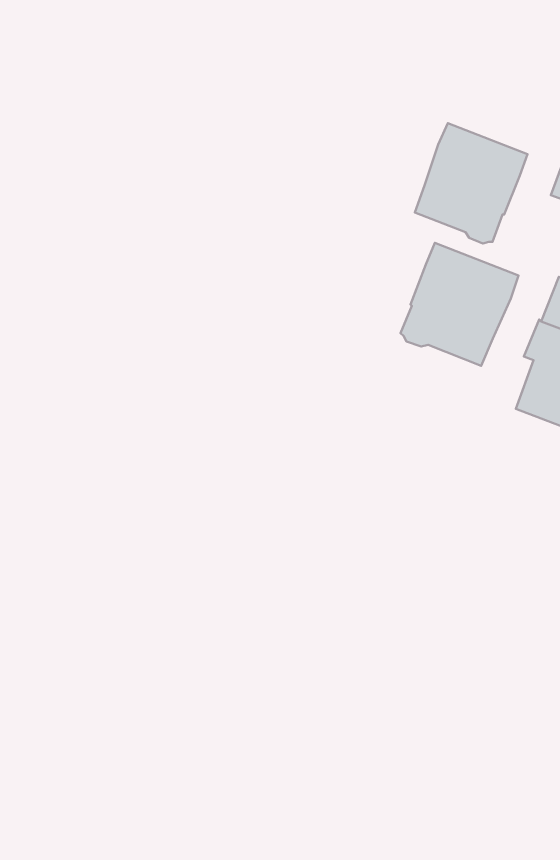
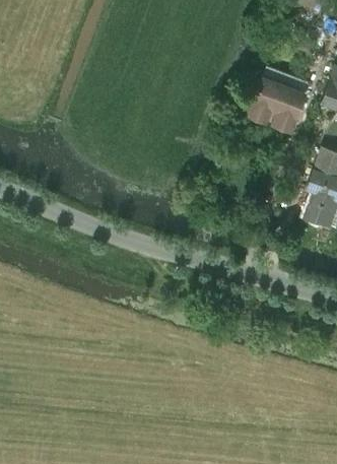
building: [400,243,518,366] -> none

